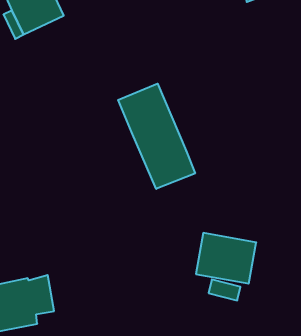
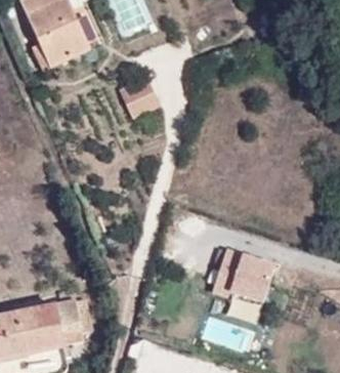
building: none -> [122,79,159,118]
building: [118,84,195,189] -> none

